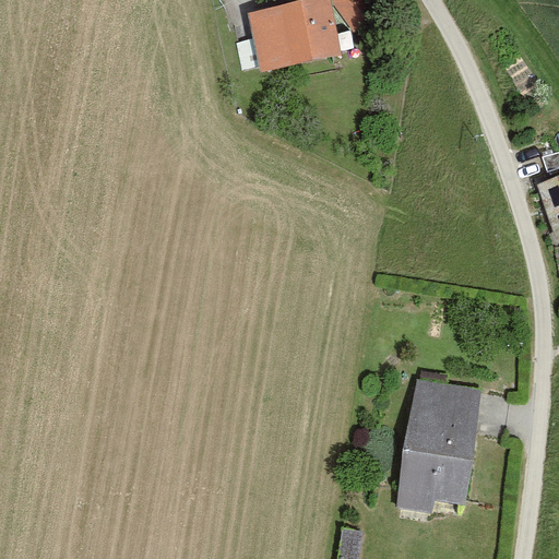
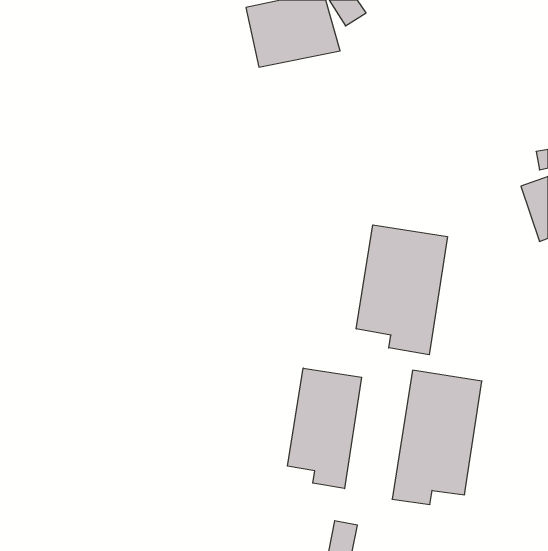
building: none -> [356,225,447,355]
building: none -> [288,368,362,489]

